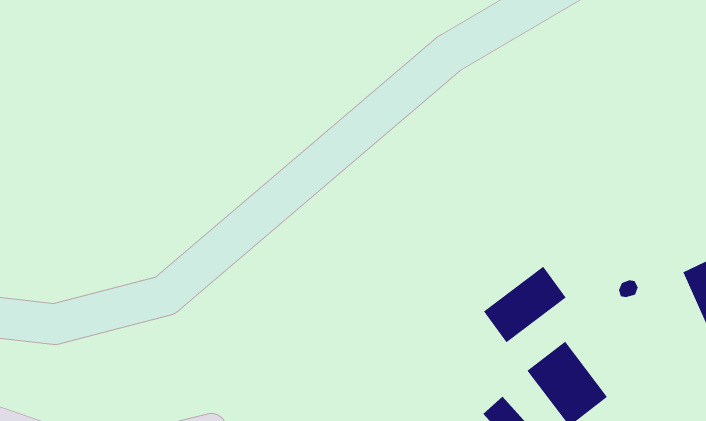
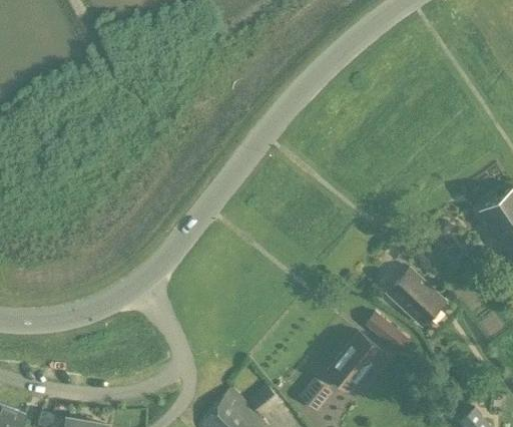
building: [483,266,566,343] -> none

